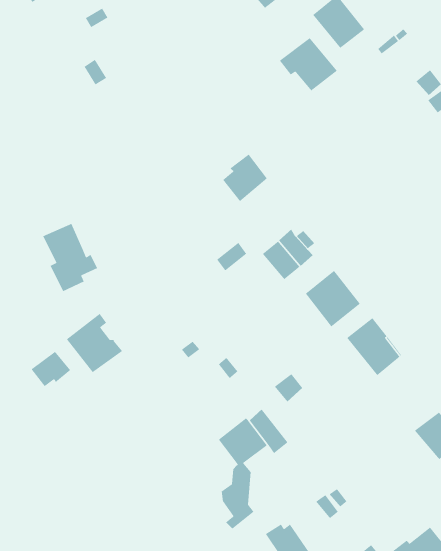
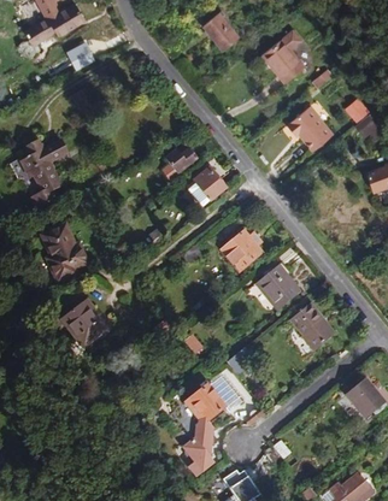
building: [279,37,338,92] -> [286,105,334,149]
building: none -> [22,140,67,208]
building: none -> [161,147,198,181]
building: [31,351,71,387] -> none

